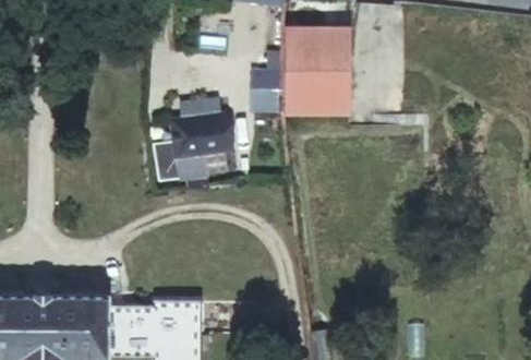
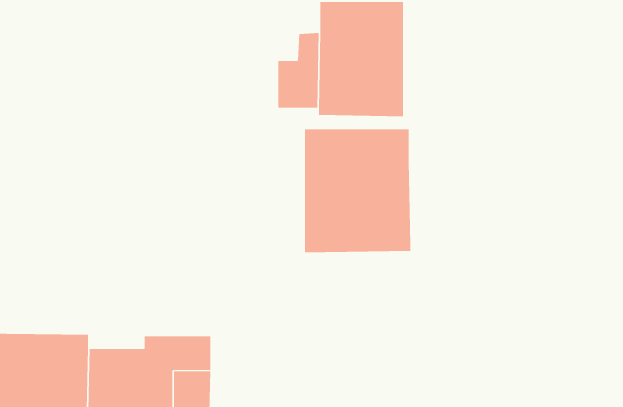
building: [171,106,227,167] -> none
building: none -> [304,128,411,253]

